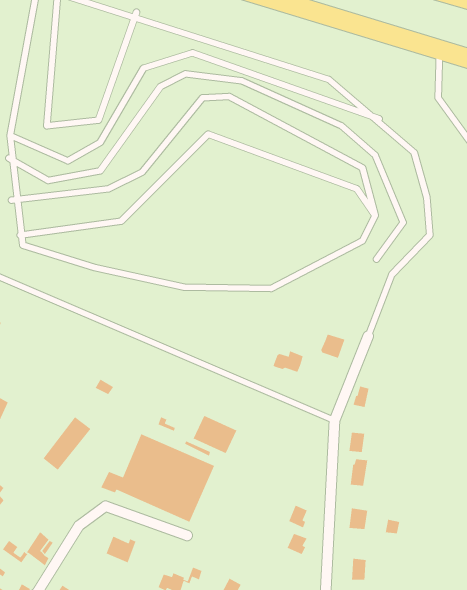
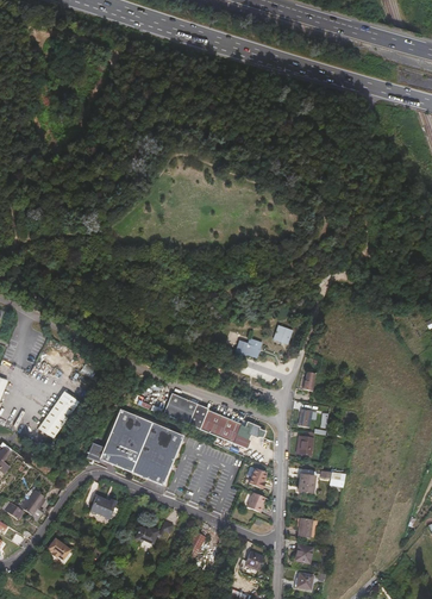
building: none -> [194,406,265,450]

